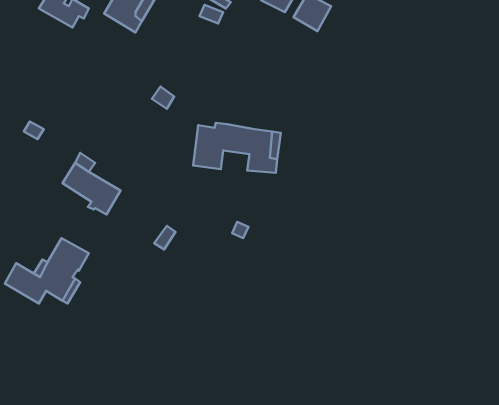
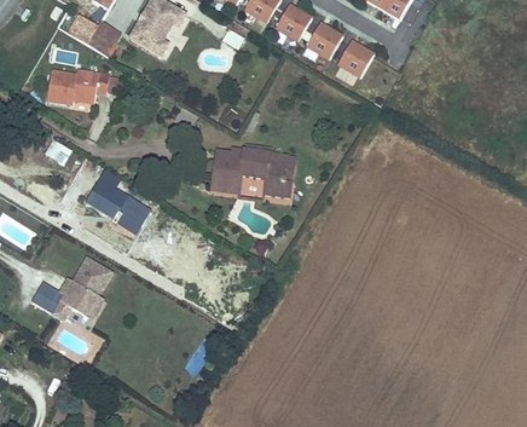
building: none -> [340,37,375,74]
building: none -> [44,73,104,104]

